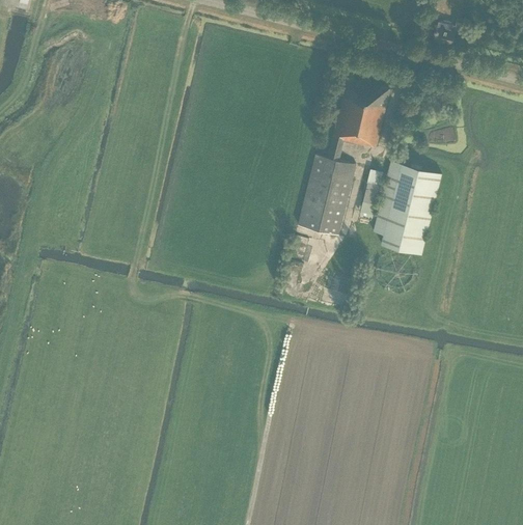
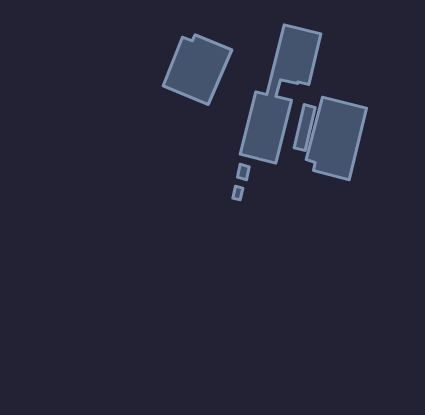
building: none -> [163,35,232,105]

